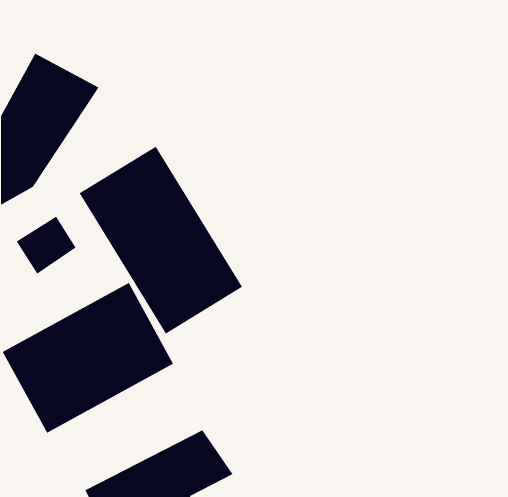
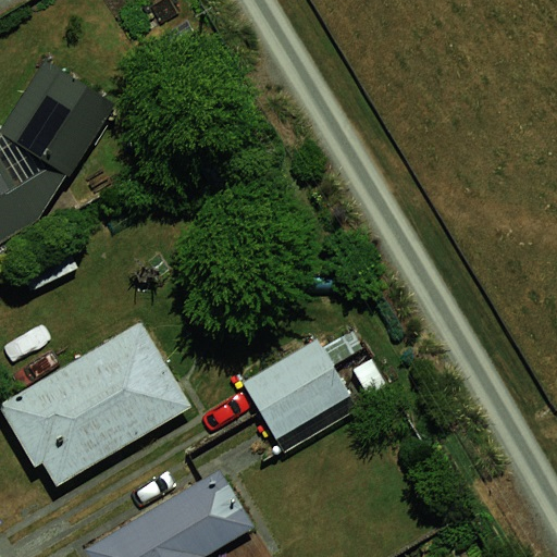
building: [79,146,243,334] -> none
building: none -> [236,335,354,441]

